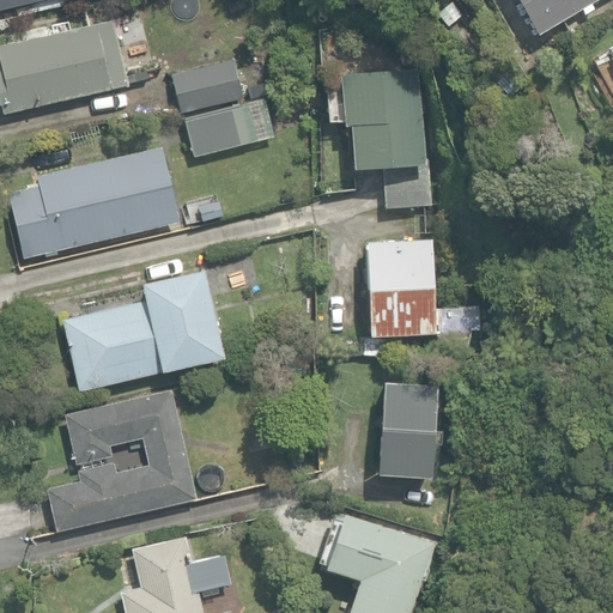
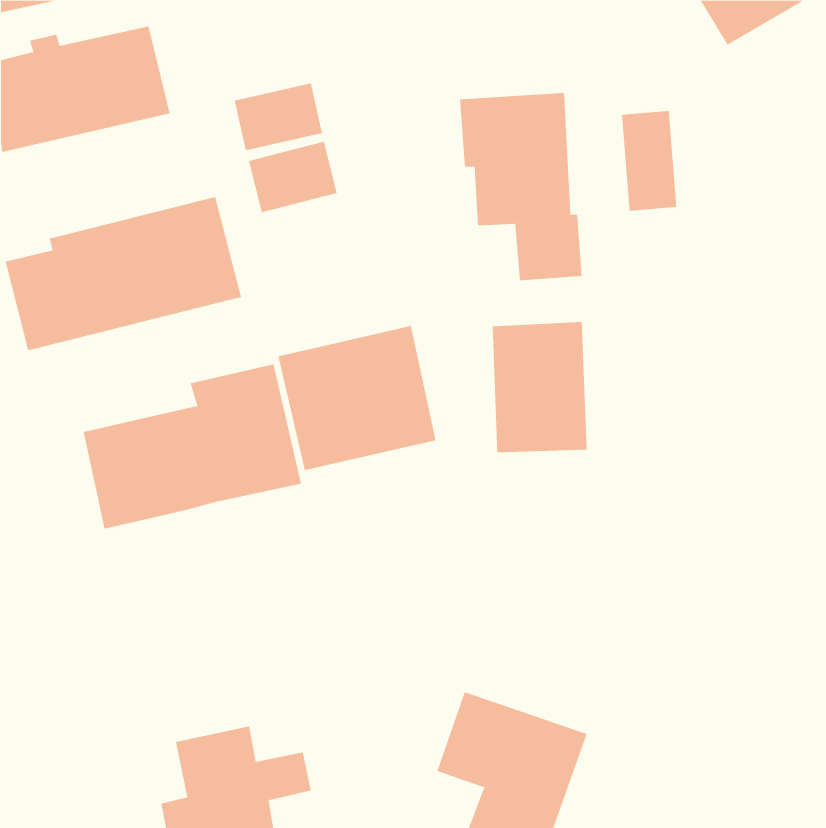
building: none -> [621,110,677,212]
building: none -> [278,325,436,471]
building: [376,381,437,478] -> none
building: [48,390,196,530] -> none

